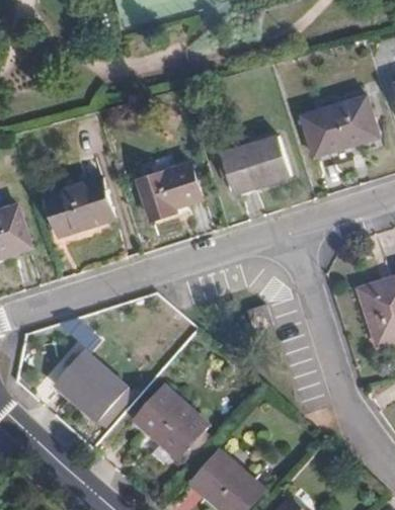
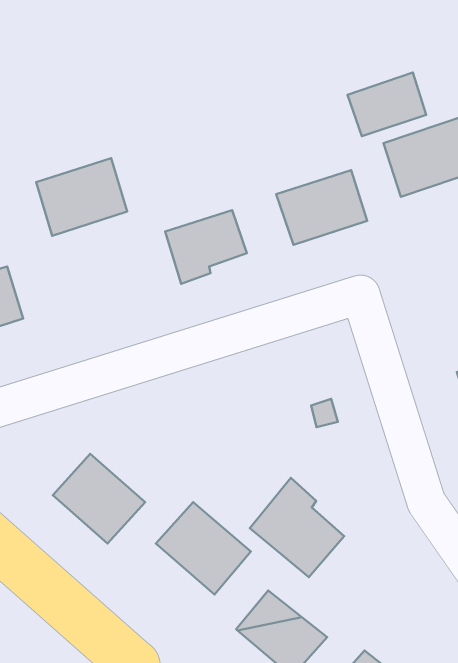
building: none -> [348,73,426,136]
building: [46,178,114,237] -> [36,158,127,236]
building: none -> [250,478,344,577]

